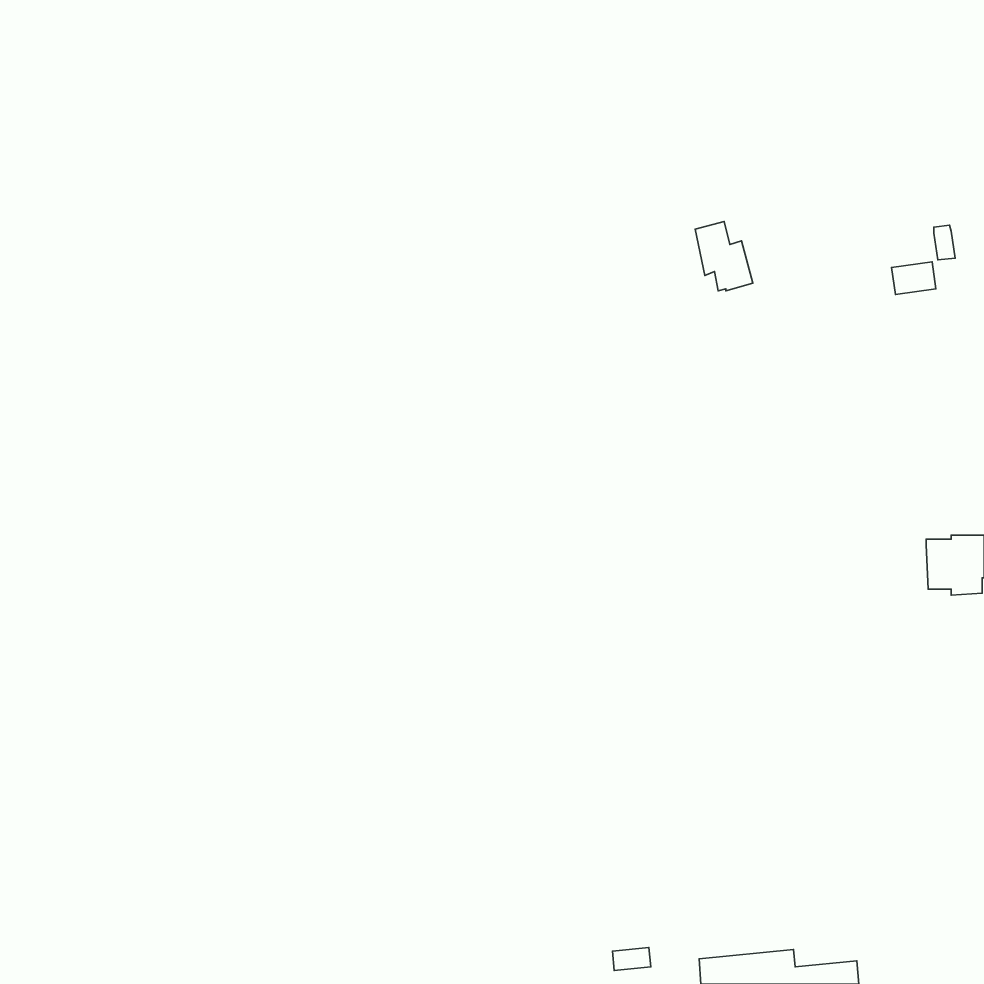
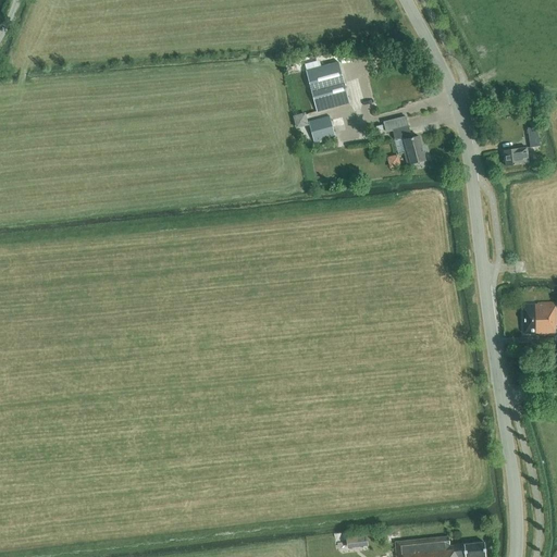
building: none -> [306,62,349,112]
building: none -> [309,116,335,143]

